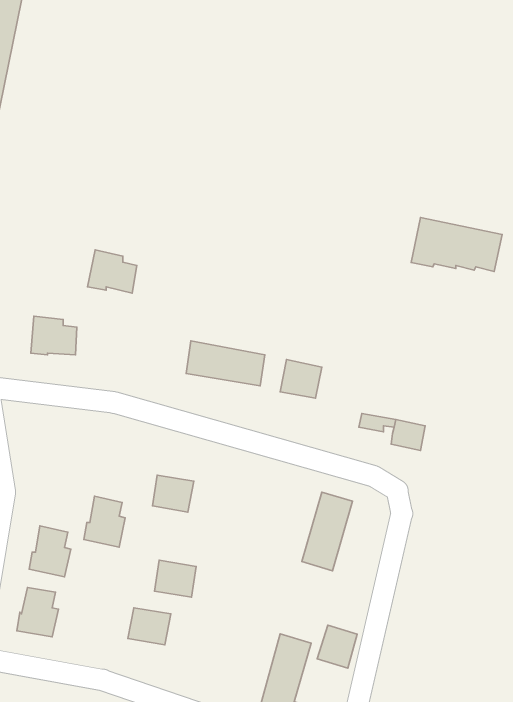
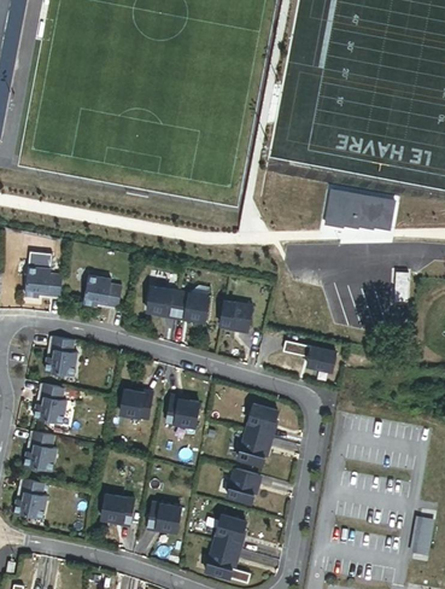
building: [88,250,137,293] -> [83,274,122,308]
building: none -> [45,336,77,375]
building: none -> [166,398,198,427]
building: [84,496,125,547] -> [34,383,66,422]
building: [155,560,196,597] -> [147,502,180,531]
building: [317,625,357,668] -> [227,468,258,502]

